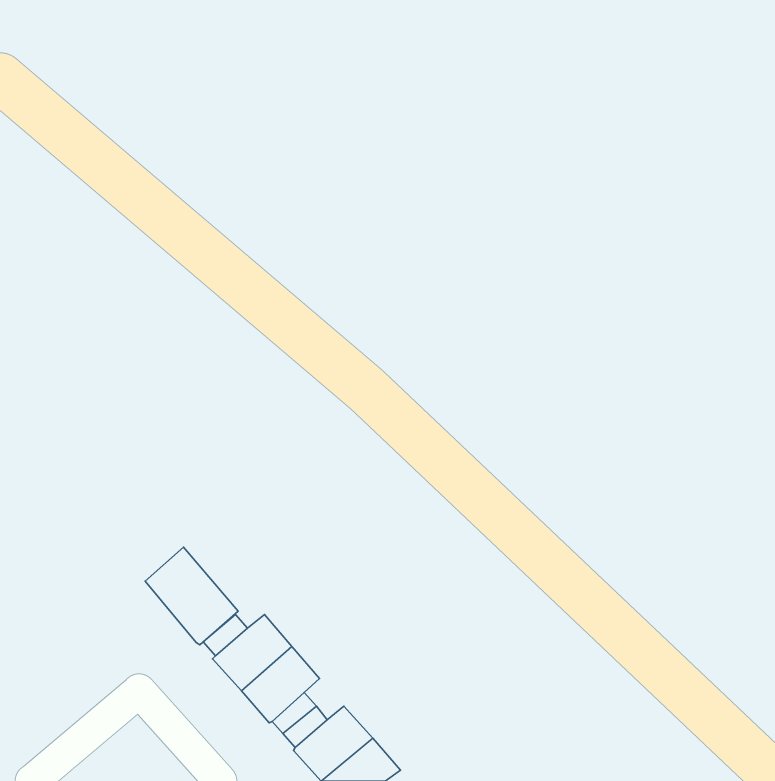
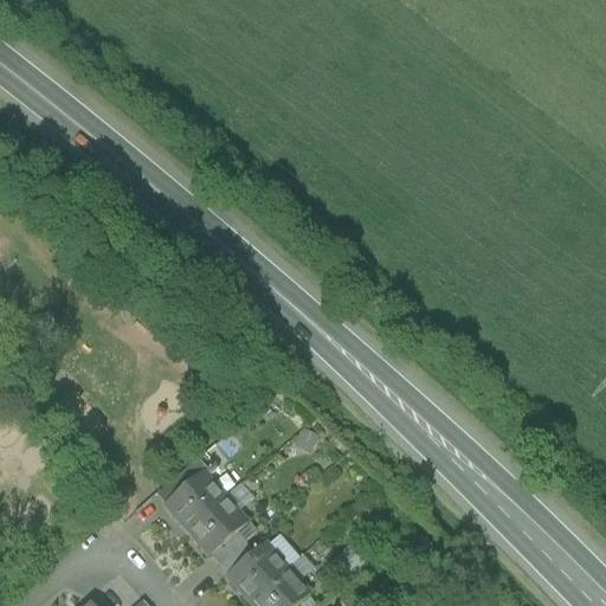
building: [145,547,238,645] -> none

